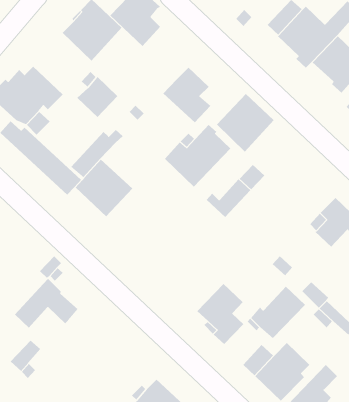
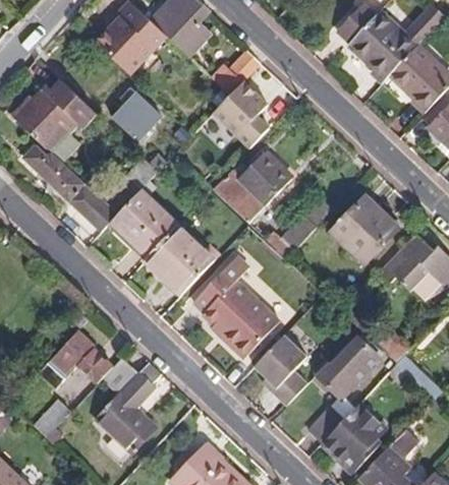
building: none -> [211,48,261,95]
building: [216,93,274,152] -> [331,195,399,264]
building: none -> [144,223,215,295]
building: none -> [191,255,280,358]
building: none -> [95,357,161,452]

